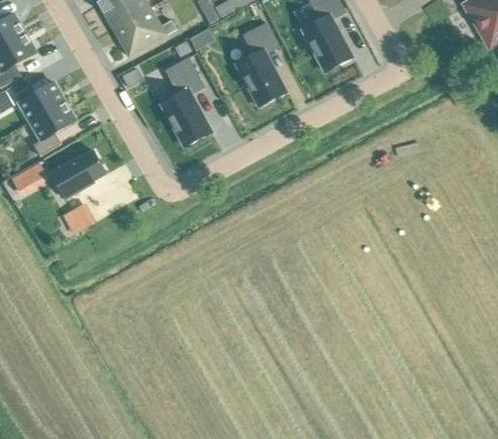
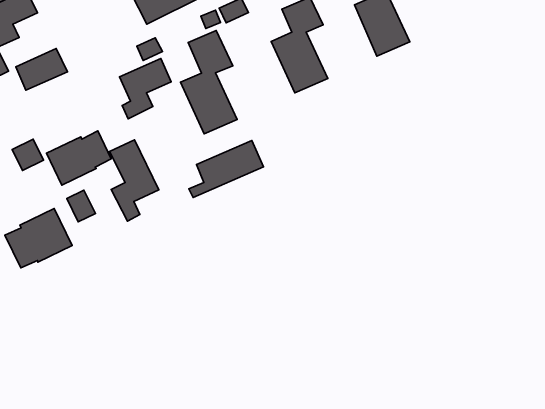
building: [29,102,74,155] -> [119,58,171,119]
building: none -> [189,141,263,197]
building: none -> [110,140,159,221]
building: none -> [5,208,72,268]

